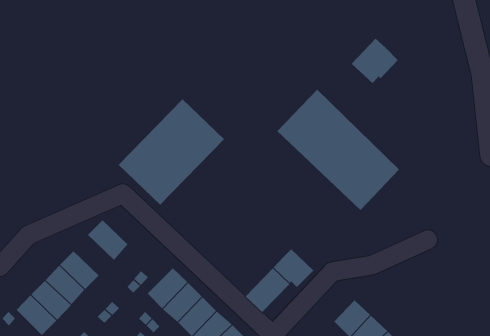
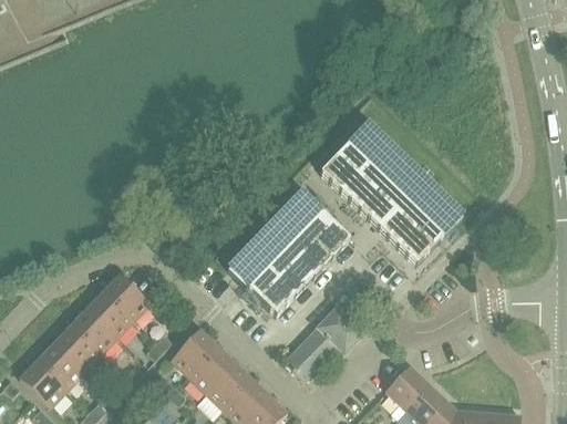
building: [351,38,399,84] -> none
building: [118,99,225,205] -> [227,190,350,313]
building: none -> [86,290,133,337]

